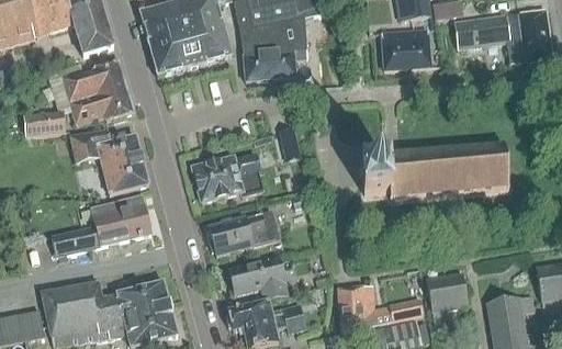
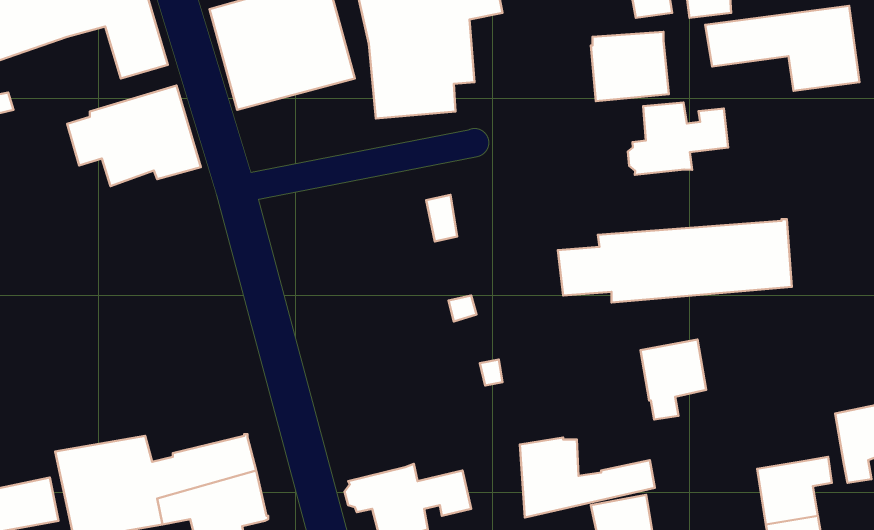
building: none -> [628,103,728,175]
building: [22,111,65,136] -> none
building: [70,131,148,194] -> none
building: [192,153,263,202] -> none
building: [50,195,150,257] -> none
building: [207,210,279,256] -> none
building: [227,257,289,302] -> none
building: [426,273,468,324] -> [640,340,706,419]

